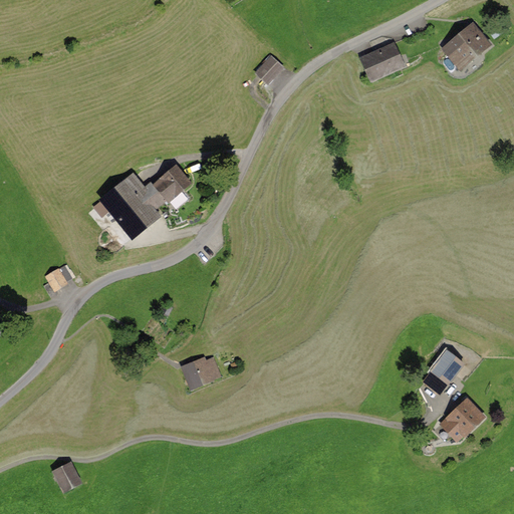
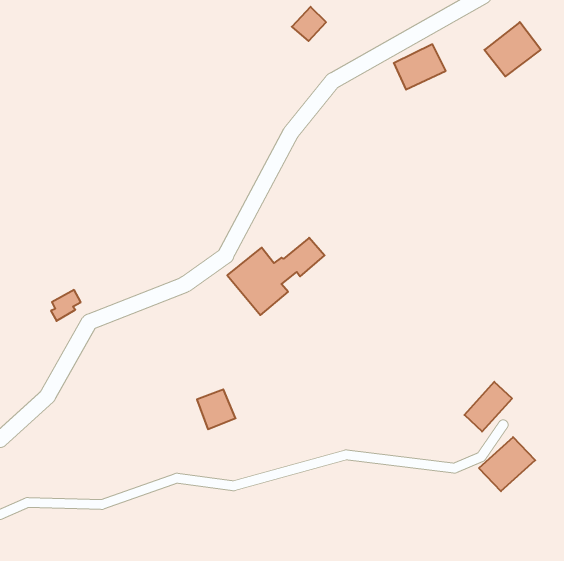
building: [254,51,285,82] -> [292,7,326,41]
building: [103,166,192,236] -> [227,238,325,315]
building: [49,459,80,494] -> none

